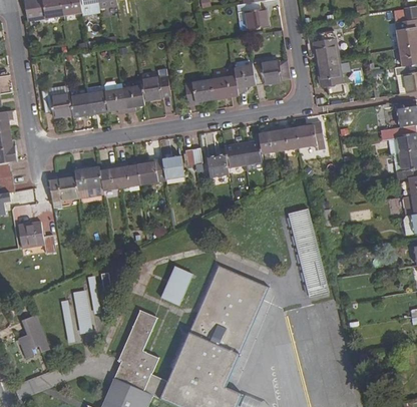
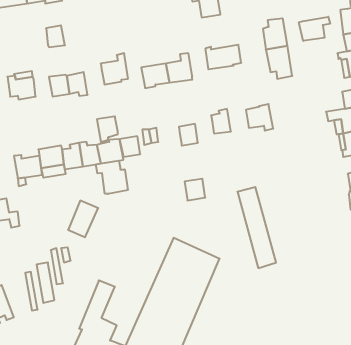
building: none -> [299,17,330,41]
building: [234,65,255,92] -> none
building: [122,85,144,112] -> [97,116,118,142]
building: [69,93,89,116] -> [46,25,65,47]
building: [275,126,298,151] -> none
building: [241,140,262,163] -> none
building: [205,154,228,177] -> [185,179,205,200]
building: none -> [96,161,128,194]
building: [159,266,191,305] -> [68,201,98,237]

